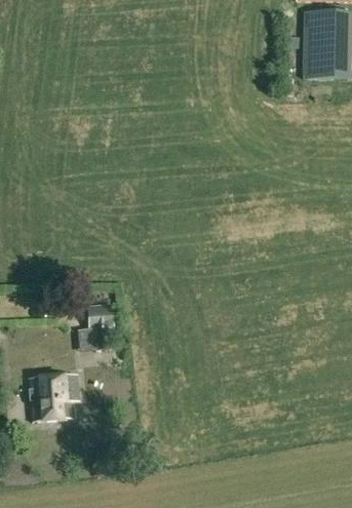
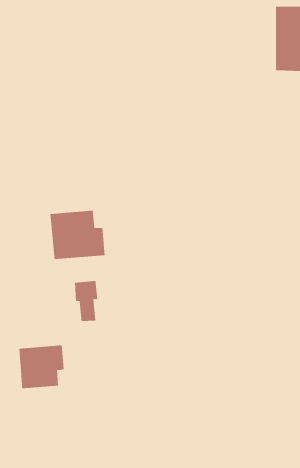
building: none -> [50,210,105,260]

